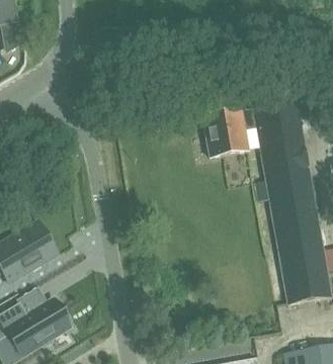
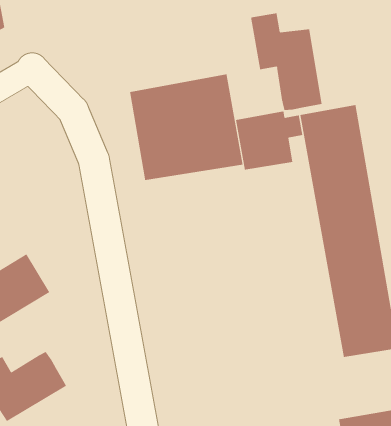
building: none -> [250,12,322,111]
building: none -> [129,73,243,181]

